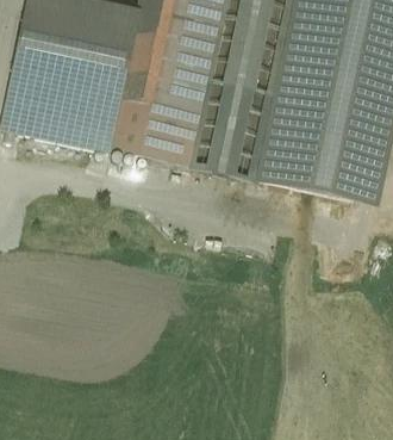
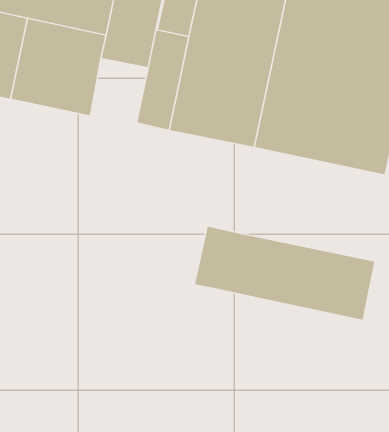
building: [108,98,161,156] -> none
building: none -> [194,226,375,321]

